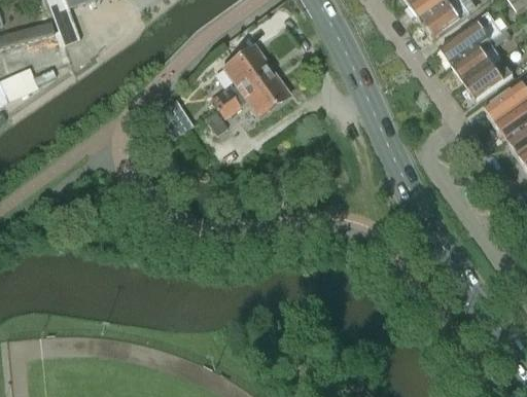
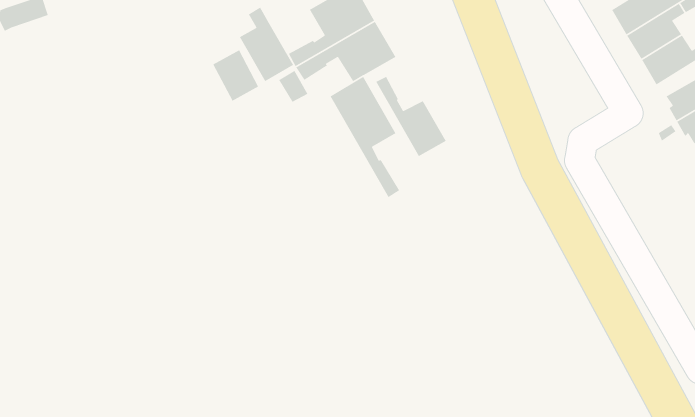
building: none -> [239,7,294,82]
building: none -> [375,76,447,157]
building: none -> [330,76,400,198]

